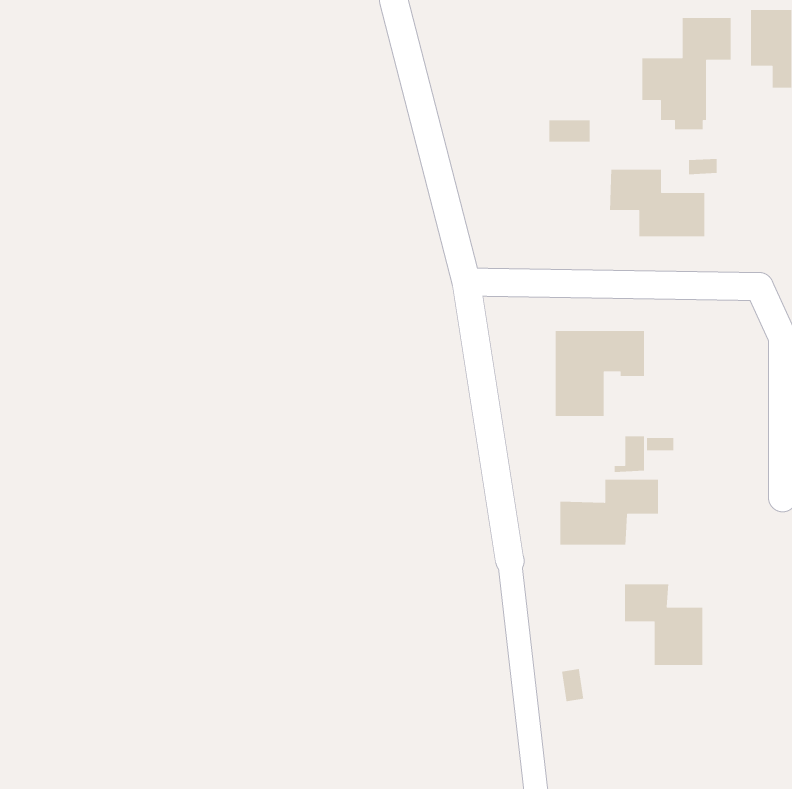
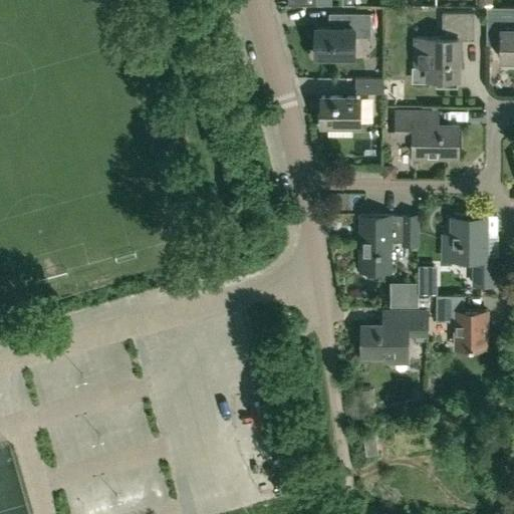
building: none -> [315,15,369,58]
building: none -> [321,98,358,125]
building: none -> [444,218,496,285]
building: [624,584,703,666] -> [436,296,487,349]

